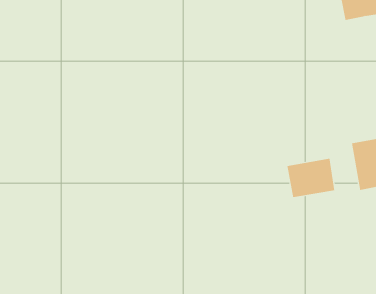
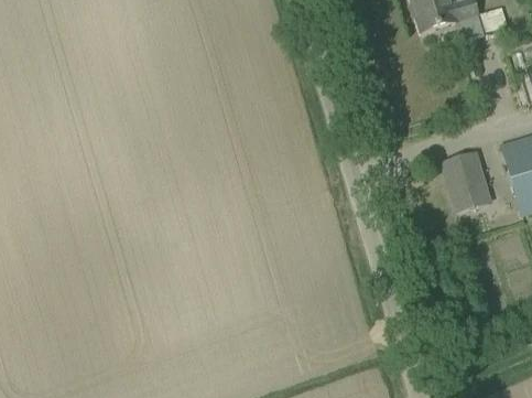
building: [287,158,335,198] -> none

